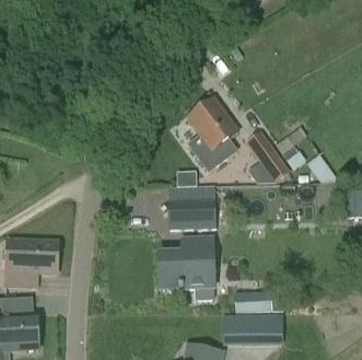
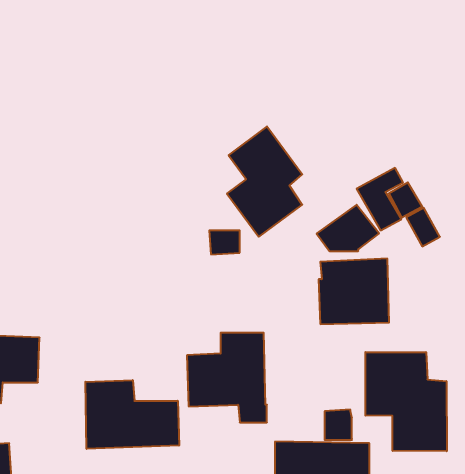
building: [167,184,215,229] -> [319,259,389,324]
building: none -> [365,352,447,451]
building: none -> [85,380,179,449]

